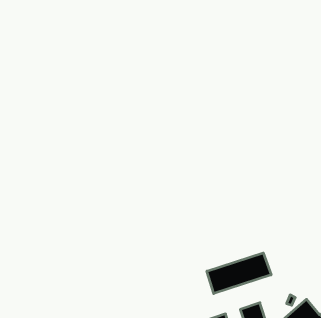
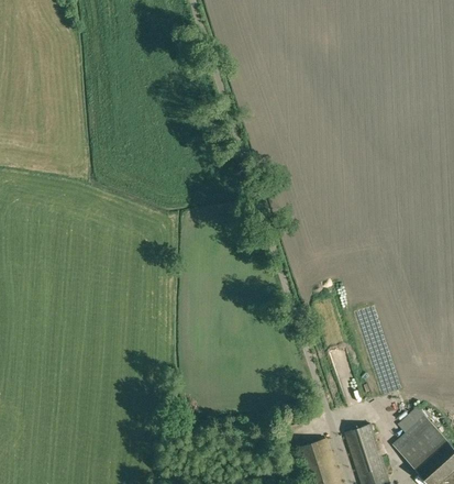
building: [207,253,271,294] -> none

